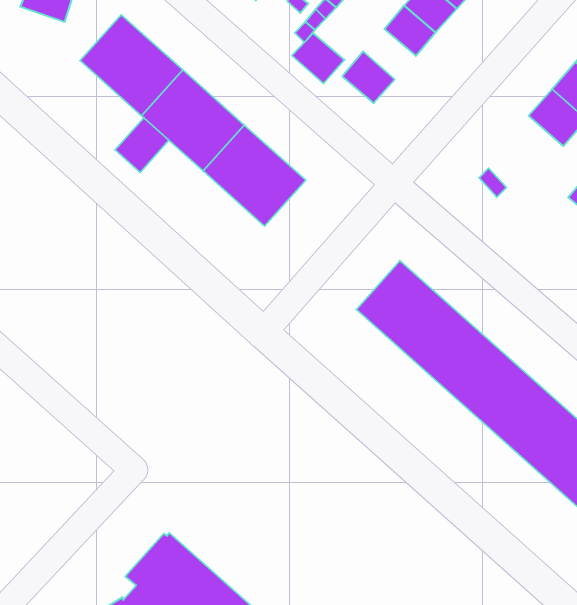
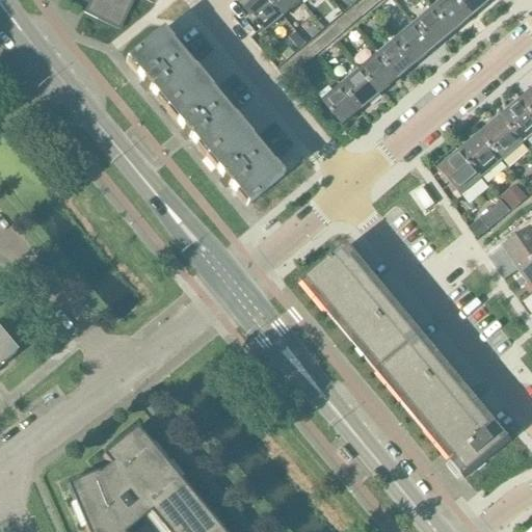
building: [292,33,345,83] -> [343,65,382,105]
building: none -> [441,148,484,192]
building: [115,118,169,172] -> none

